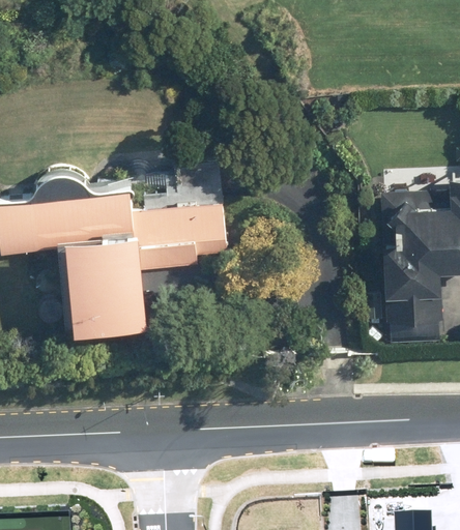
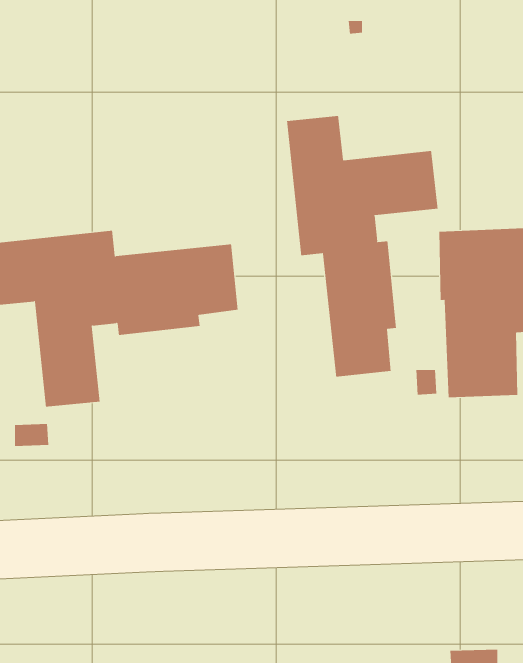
building: none -> [287,115,438,378]

